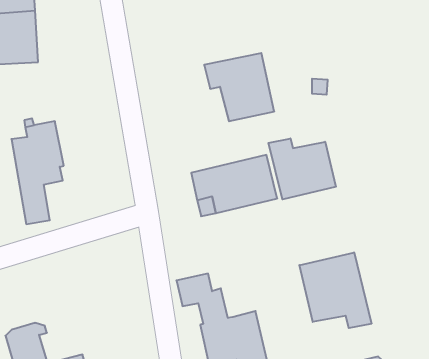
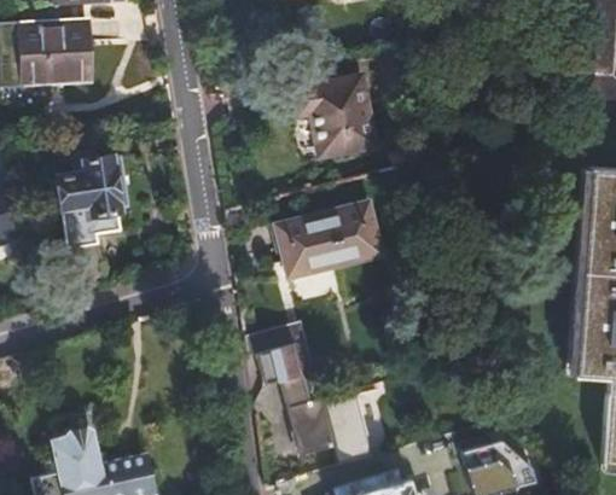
building: [268,138,336,199] -> none
building: [299,252,371,328] -> none
building: none -> [246,324,313,366]

